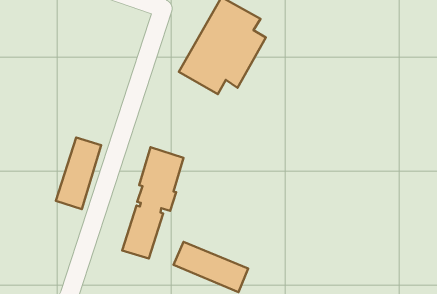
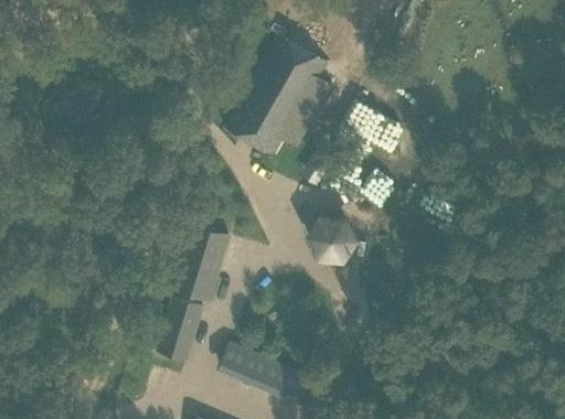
building: none -> [300,211,356,266]
building: [56,137,101,209] -> none

